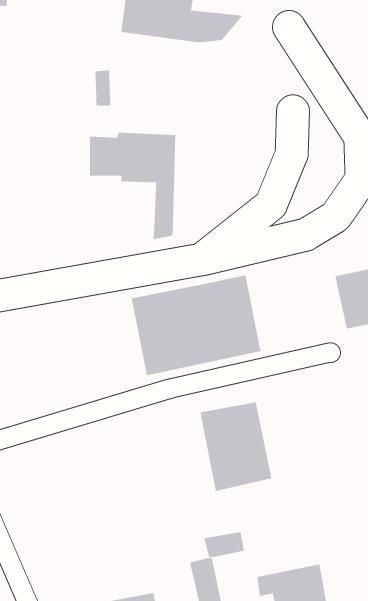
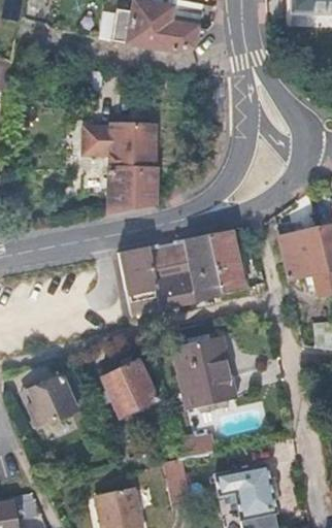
building: none -> [106,161,138,213]
building: none -> [210,231,243,293]
building: none -> [104,361,157,417]
building: none -> [29,371,84,427]

